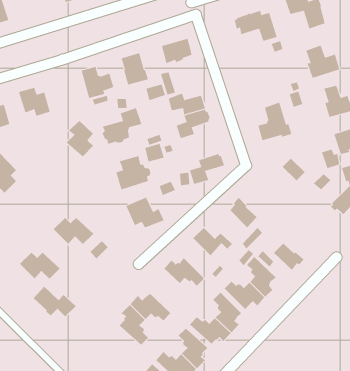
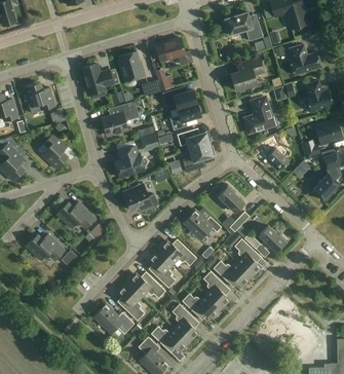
building: none -> [231,58,264,91]
building: [66,120,94,157] -> [41,134,67,167]
building: none -> [177,132,211,150]
building: none -> [148,250,176,288]
building: [33,286,76,317] -> [94,305,135,334]

